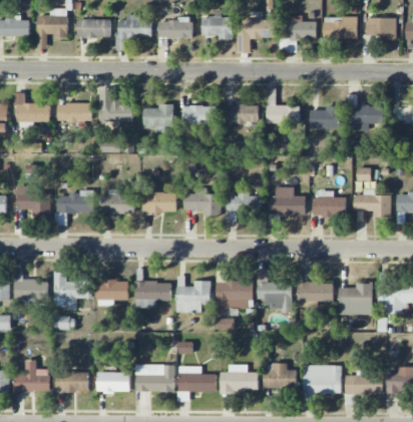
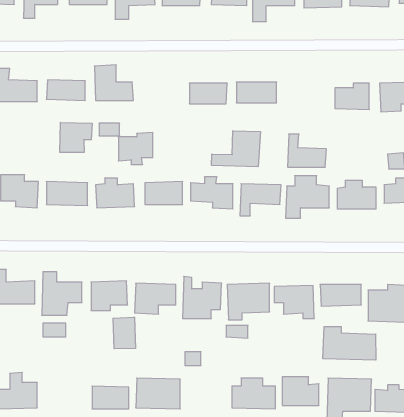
building: [266,94,300,123] -> [288,134,326,167]
building: [143,104,173,132] -> [118,132,153,164]
building: none -> [60,122,92,152]
building: none -> [212,131,260,167]
building: none -> [113,317,135,349]
building: none -> [323,327,376,360]
building: [178,366,216,392] -> none
building: [55,372,89,392] -> none

